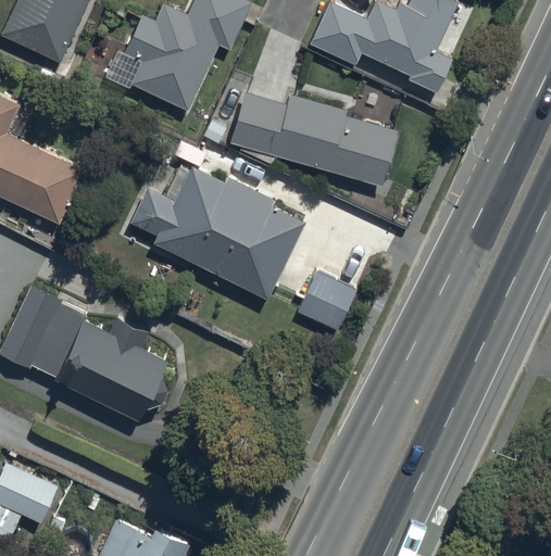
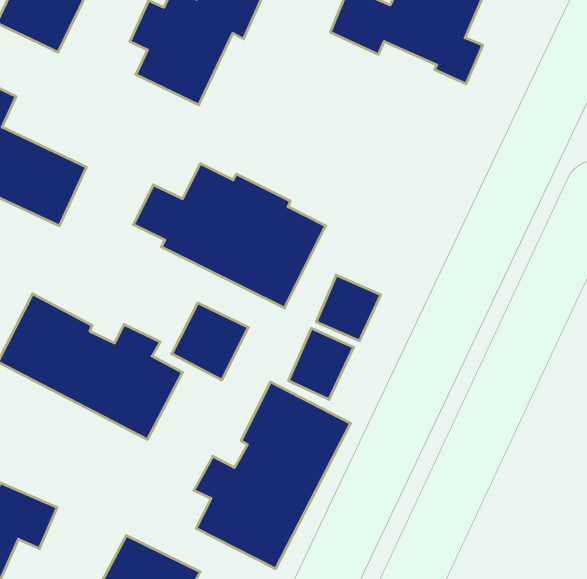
building: [230,91,397,185] -> none
building: none -> [172,303,248,380]
building: none -> [289,328,353,400]
building: none -> [194,382,351,569]

